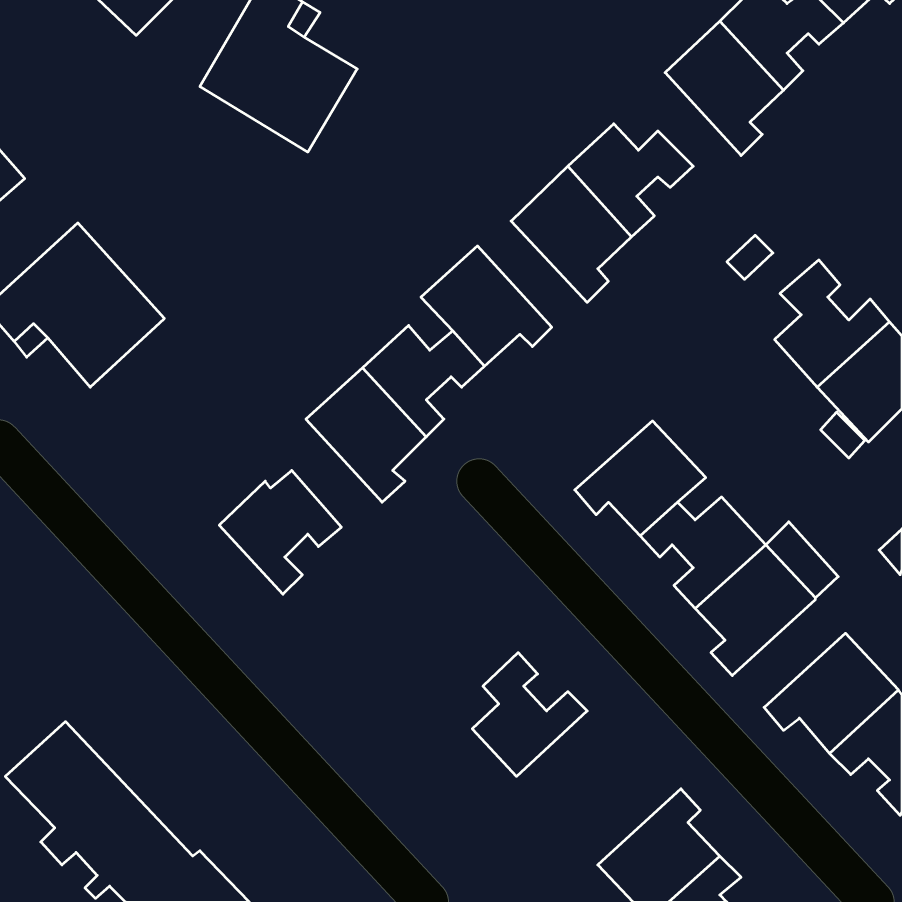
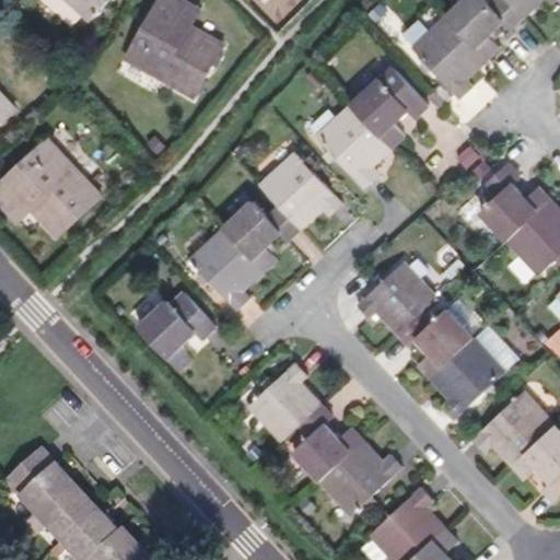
building: none -> [249,361,320,439]
building: none -> [319,440,401,513]

